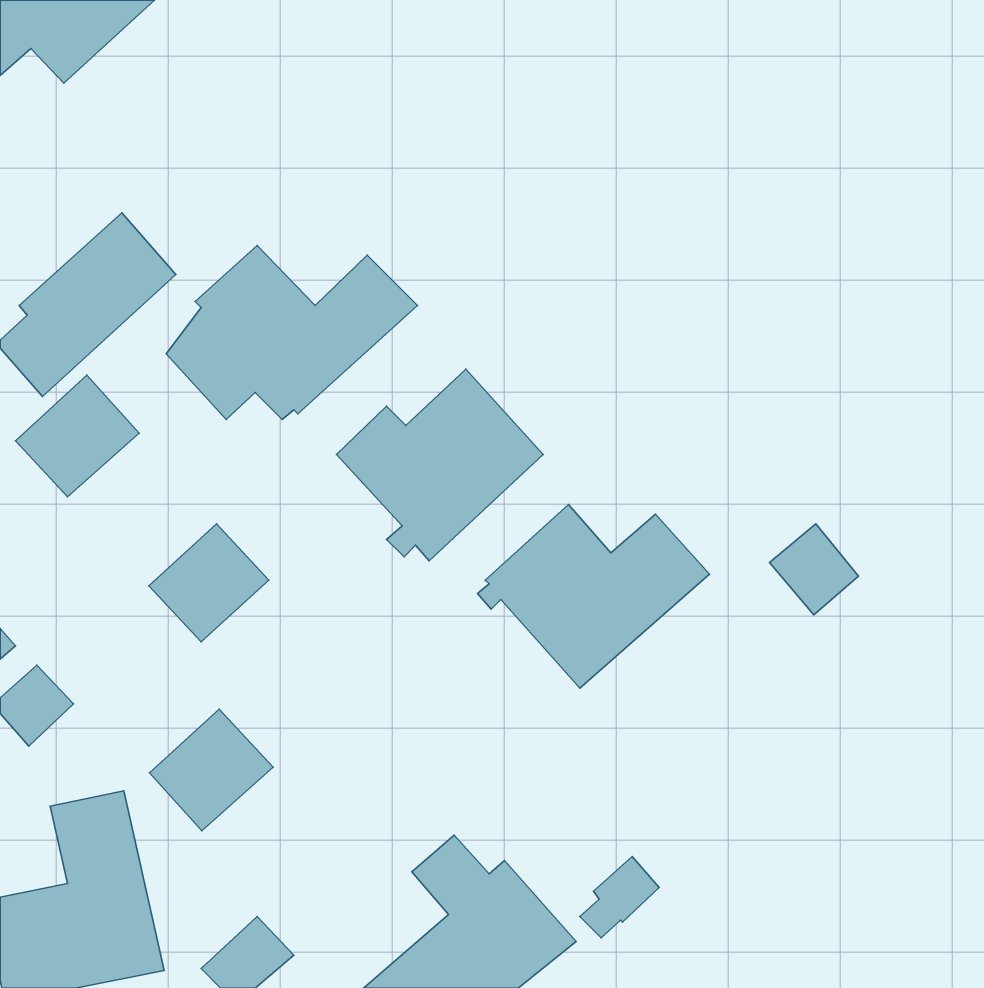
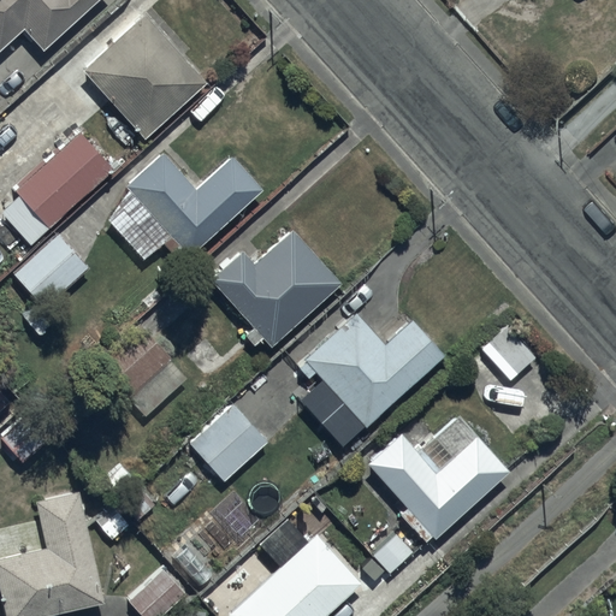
building: none -> [83,17,207,140]
building: none -> [367,434,508,544]
building: [150,709,273,831] -> [190,404,267,480]

